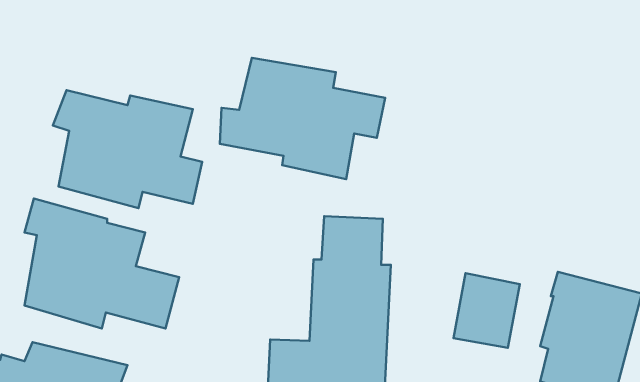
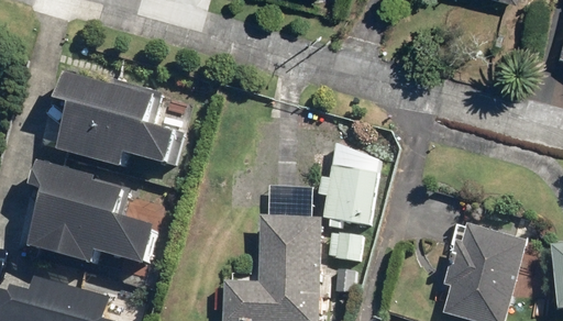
building: [220,58,385,179] -> none
building: [453,273,520,348] -> [324,160,378,221]

